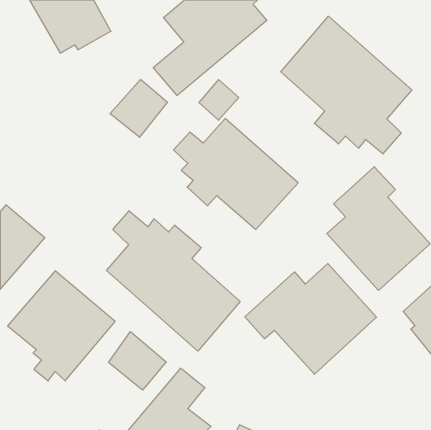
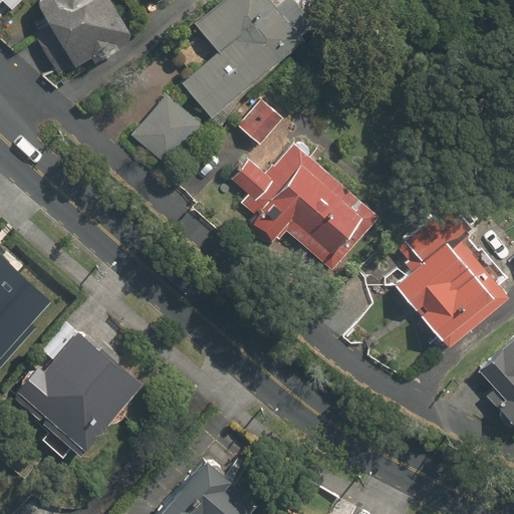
building: [281,16,412,154] -> none
building: [106,211,240,351] -> none
building: [245,264,377,374] -> none
building: [109,332,166,390] -> none

